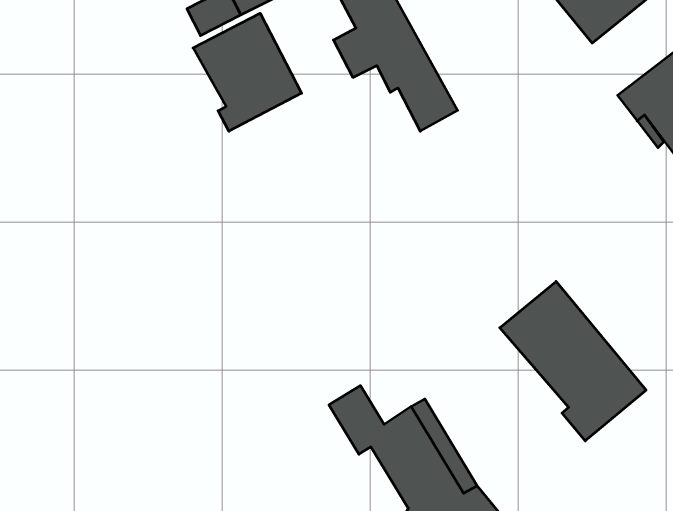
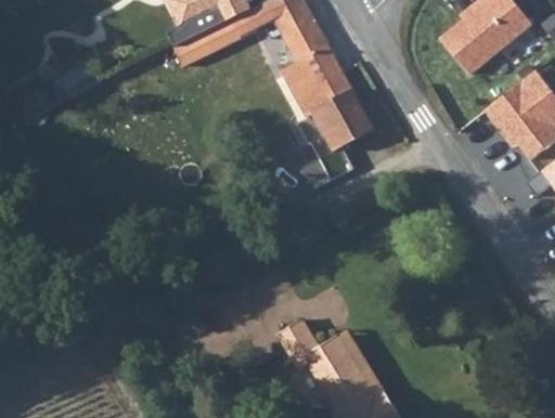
building: [193,13,302,131] -> none
building: [500,281,646,441] -> none

